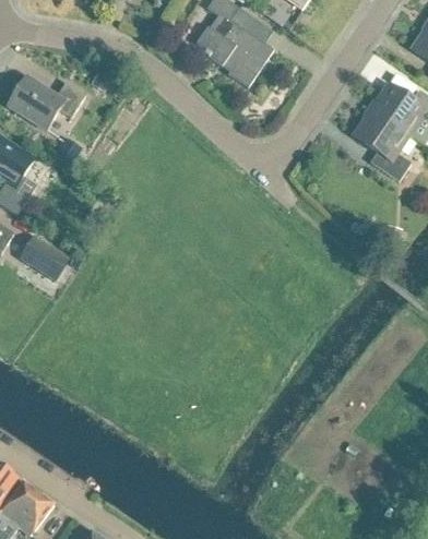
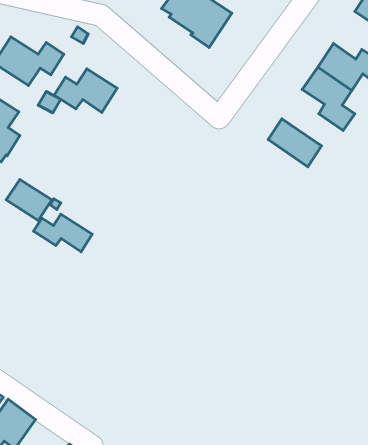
building: none -> [54,69,117,112]
building: none -> [268,119,321,167]
building: none -> [34,214,92,252]

